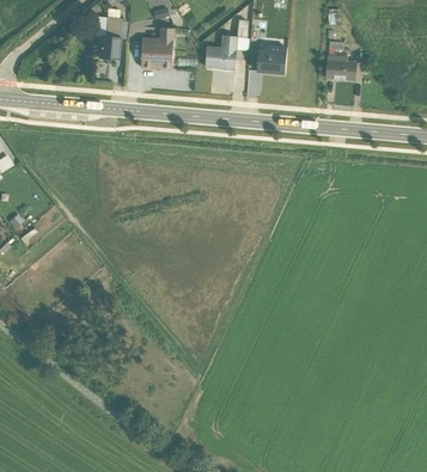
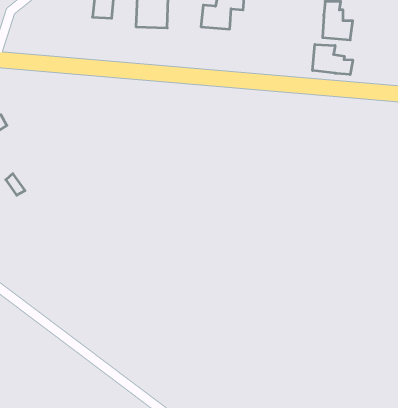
building: [255,45,286,73] -> none
building: none -> [313,44,353,75]

